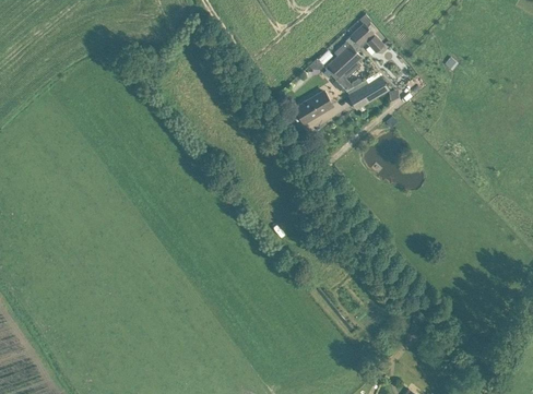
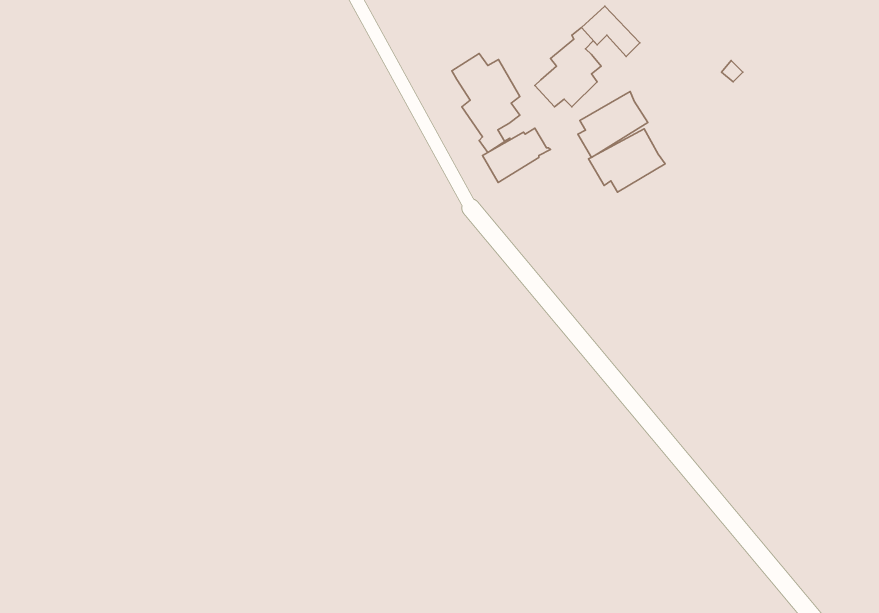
building: none -> [452,53,520,152]
building: none -> [589,129,665,192]

